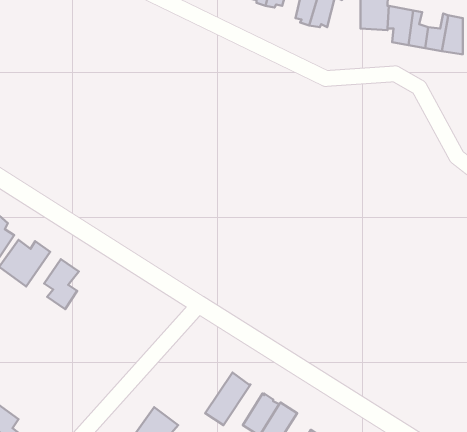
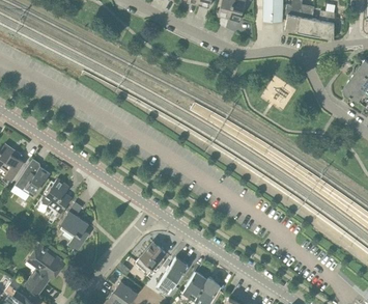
building: none -> [60,212,89,250]
building: none -> [136,242,170,279]
building: none -> [26,246,63,293]

